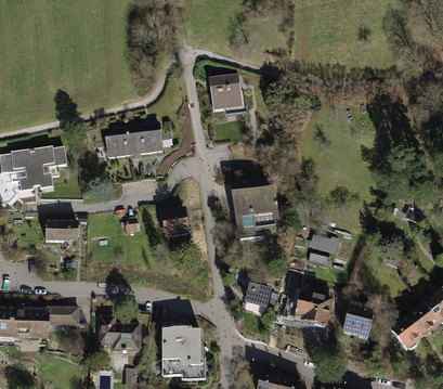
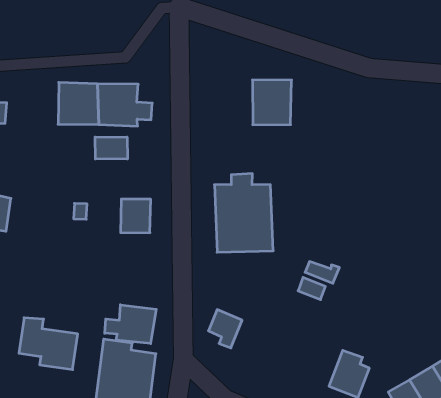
building: [207,73,242,112] -> [252,80,292,125]
building: none -> [95,137,127,159]
building: none -> [105,305,156,344]
building: [294,293,329,324] -> none

